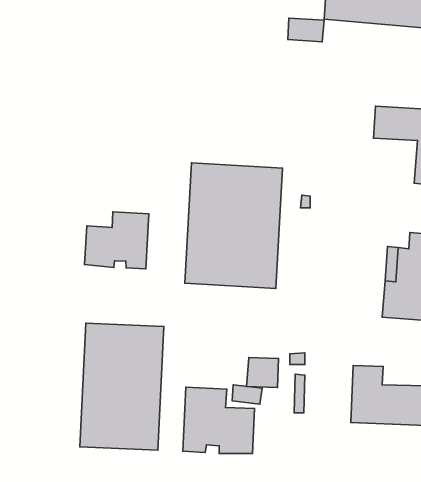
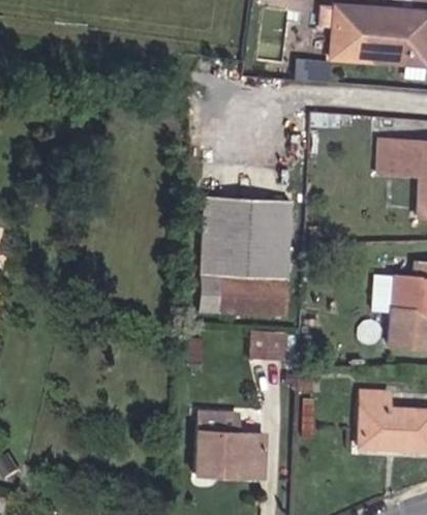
building: [85,212,149,269] -> none
building: [80,323,164,450] -> none
building: [247,357,279,387] -> [250,331,281,360]

